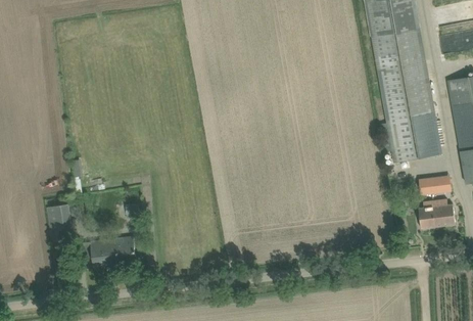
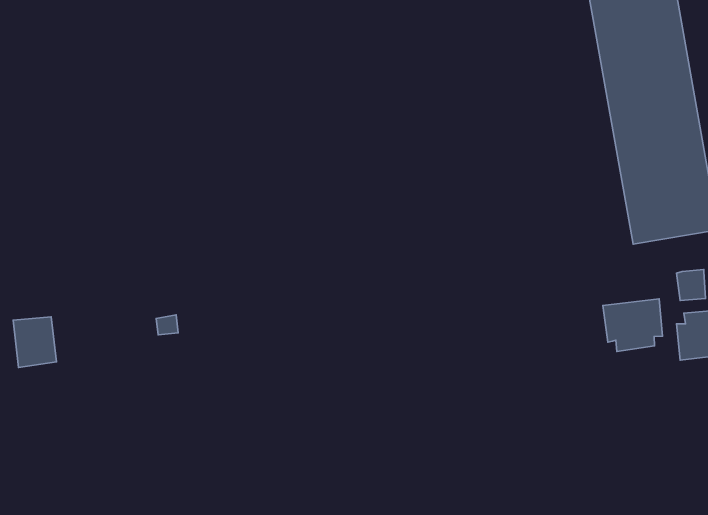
building: none -> [603,299,662,351]
building: [83,236,136,267] -> none

